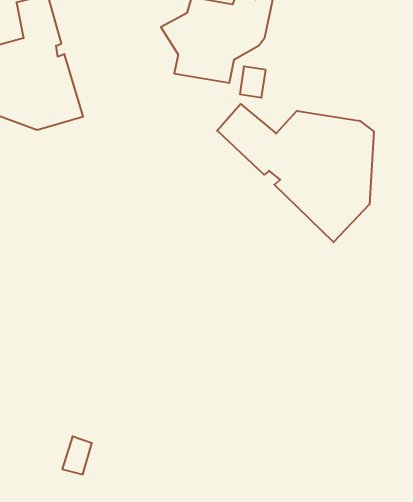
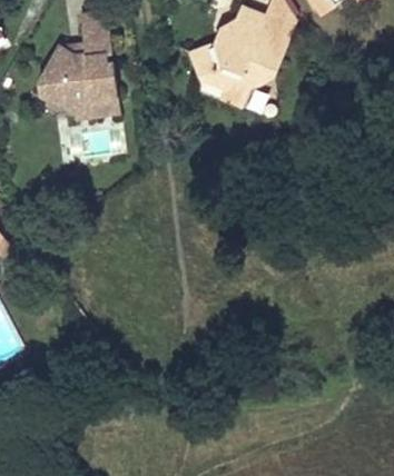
building: [217,104,374,242] -> none

